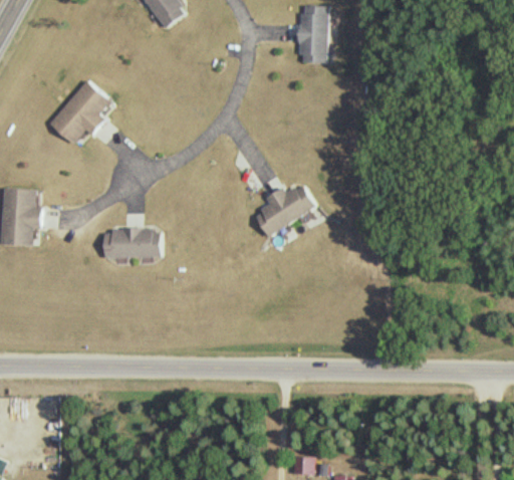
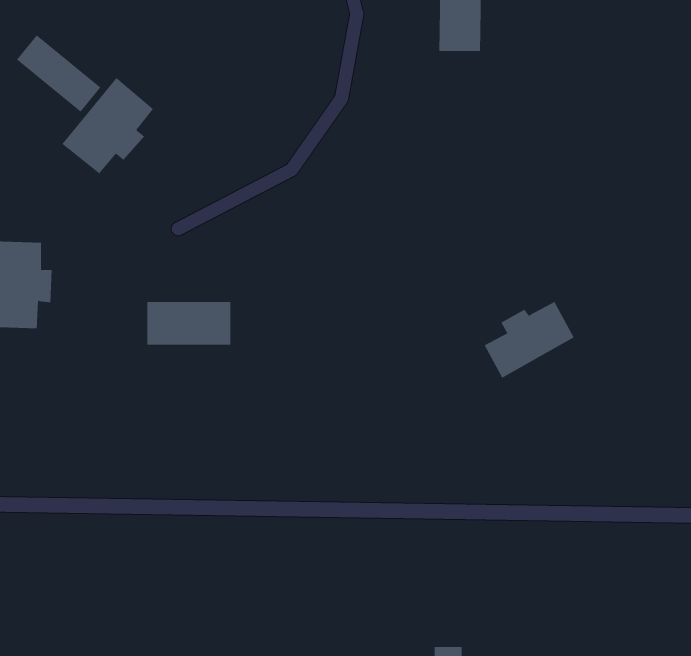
building: none -> [16,34,101,113]
building: [256,185,316,236] -> [484,301,575,379]

